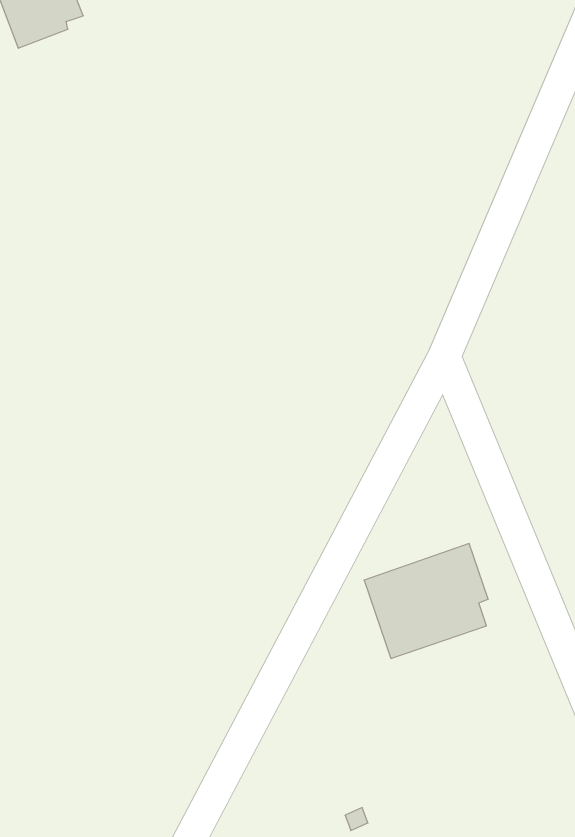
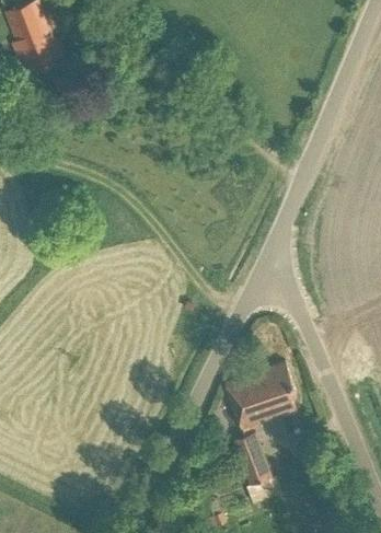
building: none -> [233,432,274,486]

